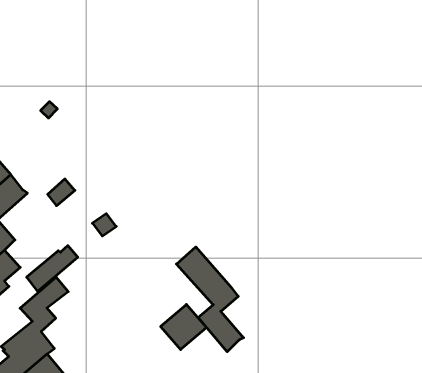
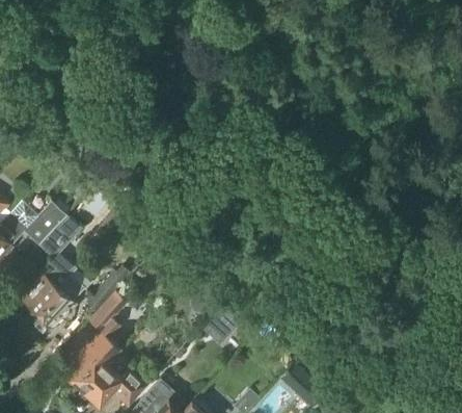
building: [176,247,244,352] -> none

